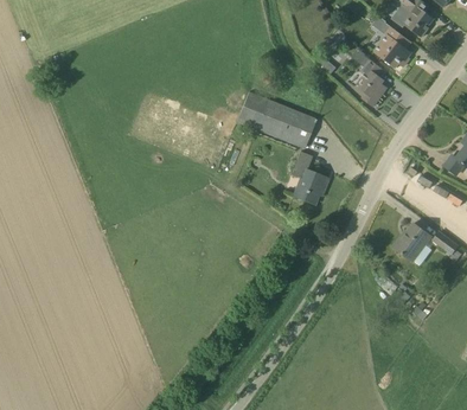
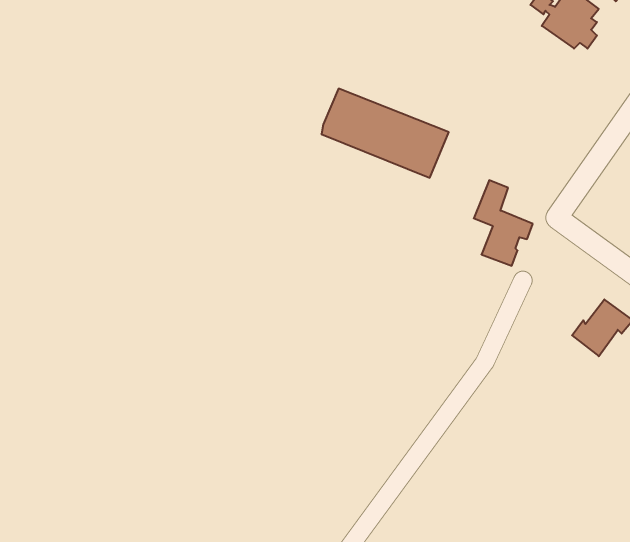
building: [358,59,384,105] -> none
building: [290,150,327,204] -> [474,180,533,266]

